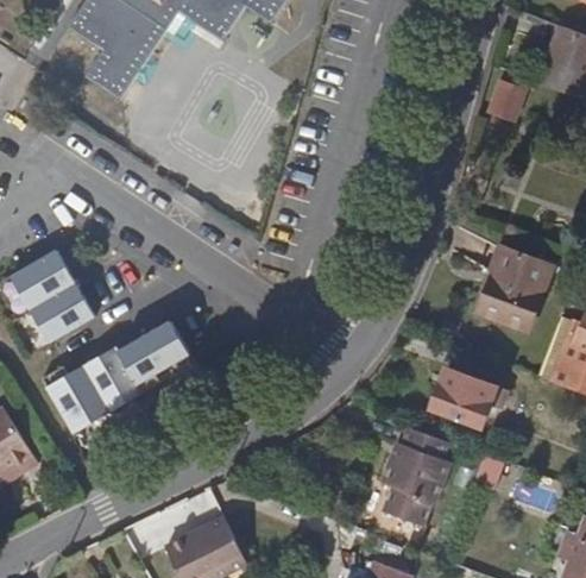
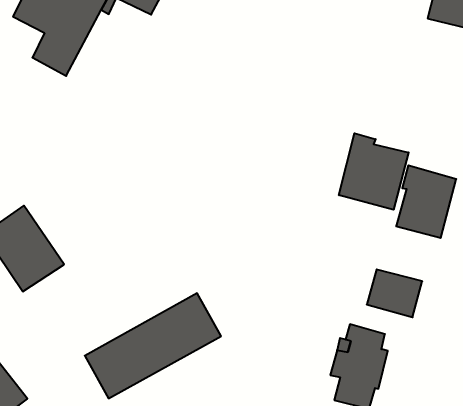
building: [487,77,527,120] -> none
building: none -> [339,133,409,210]
building: [43,320,199,427] -> [85,293,221,398]

